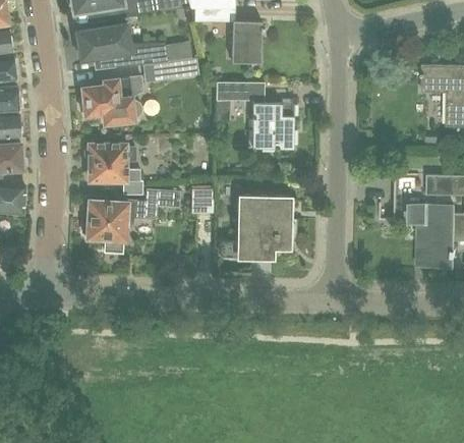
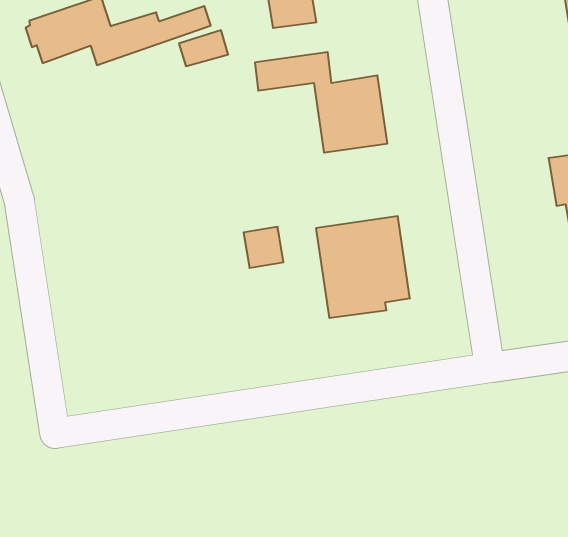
building: [77,76,141,123] -> none
building: [83,145,141,196] -> none
building: [81,189,157,253] -> none

